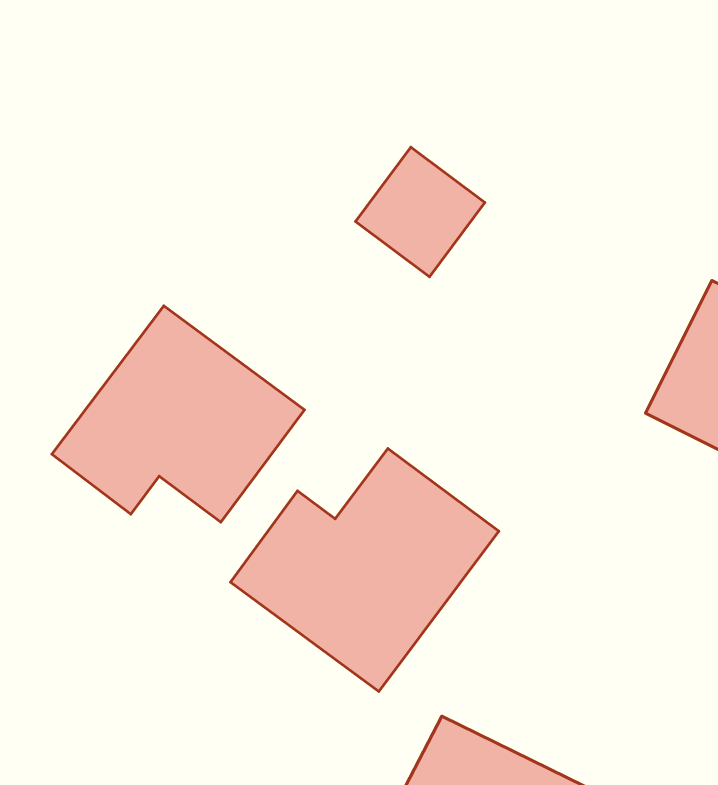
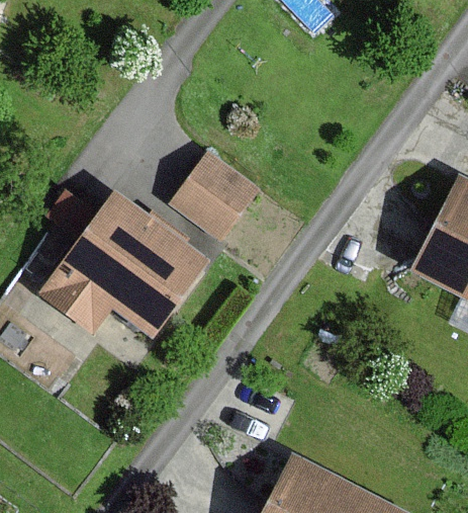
building: [355,147,485,277] -> [172,154,255,237]
building: [230,448,499,691] -> none

